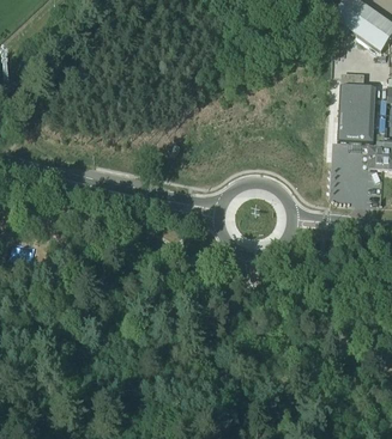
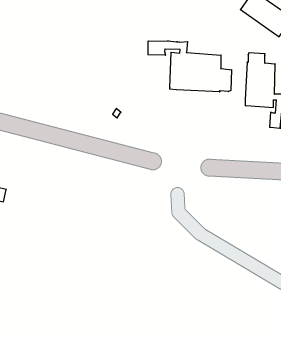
building: none -> [148,41,232,92]

